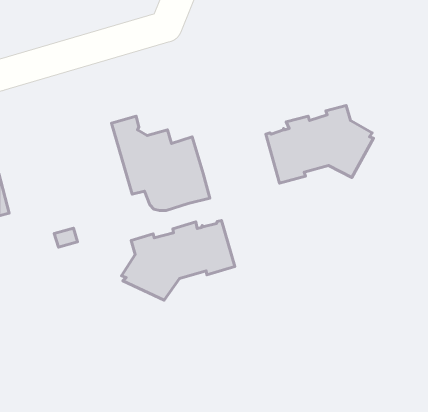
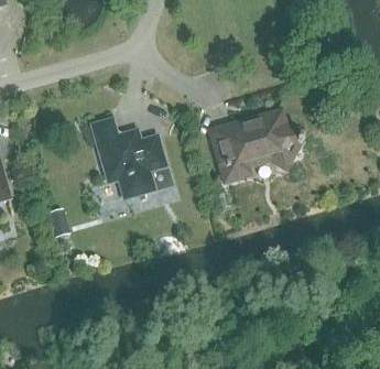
building: [121,221,235,300] -> none

